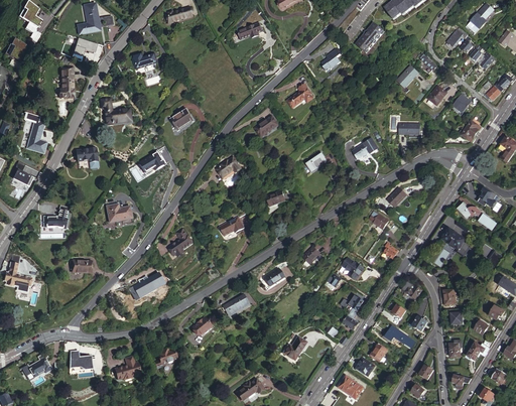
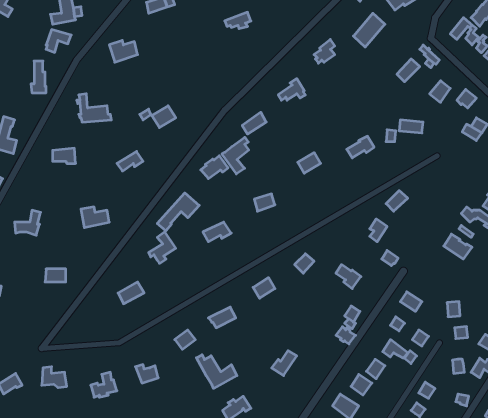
building: none -> [222,137,249,174]
building: none -> [157,193,199,231]
building: none -> [196,355,237,388]

